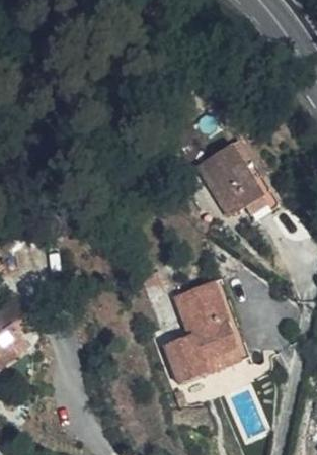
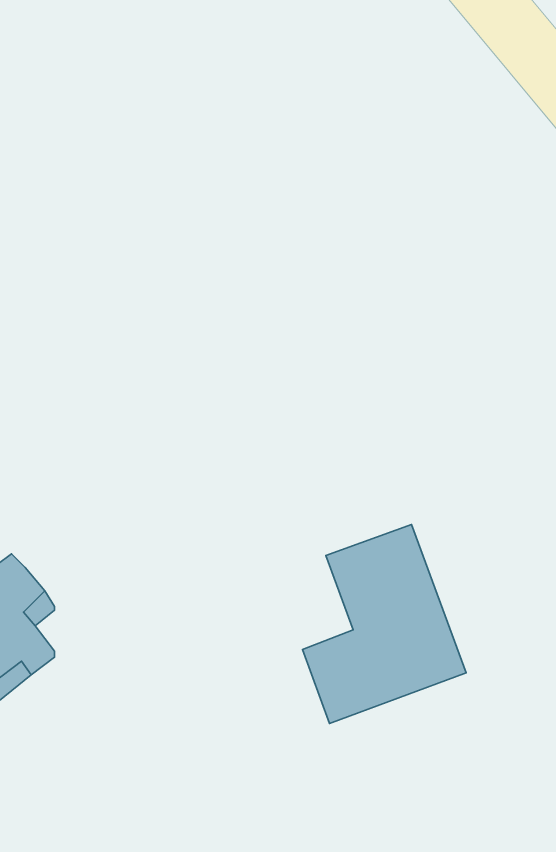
building: [192,141,274,217] -> none

